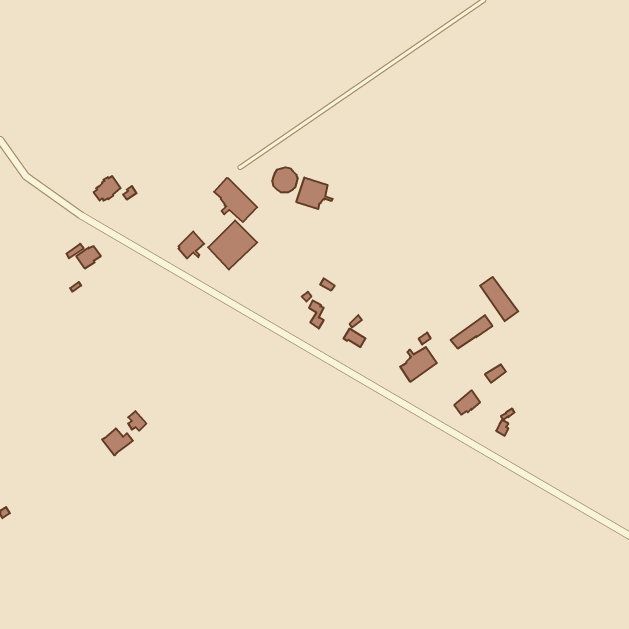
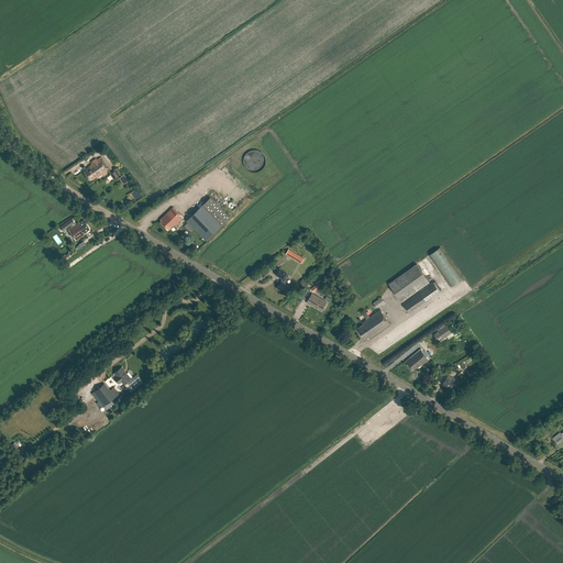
building: [296,177,333,209] -> none
building: [214,178,257,222] -> none
building: none -> [389,264,429,301]

